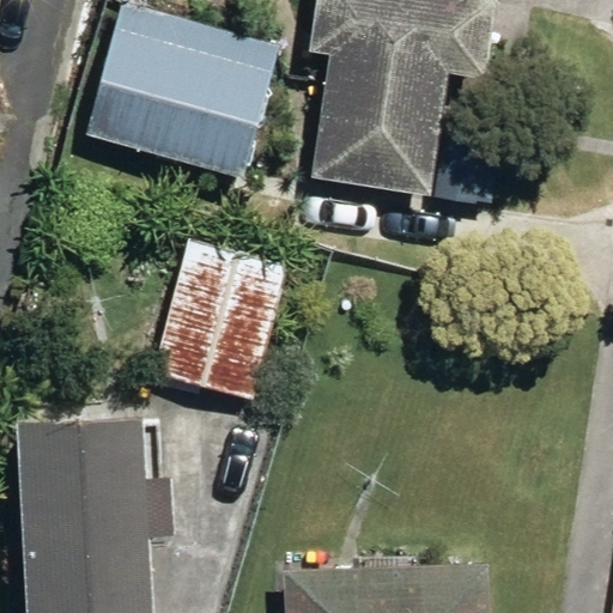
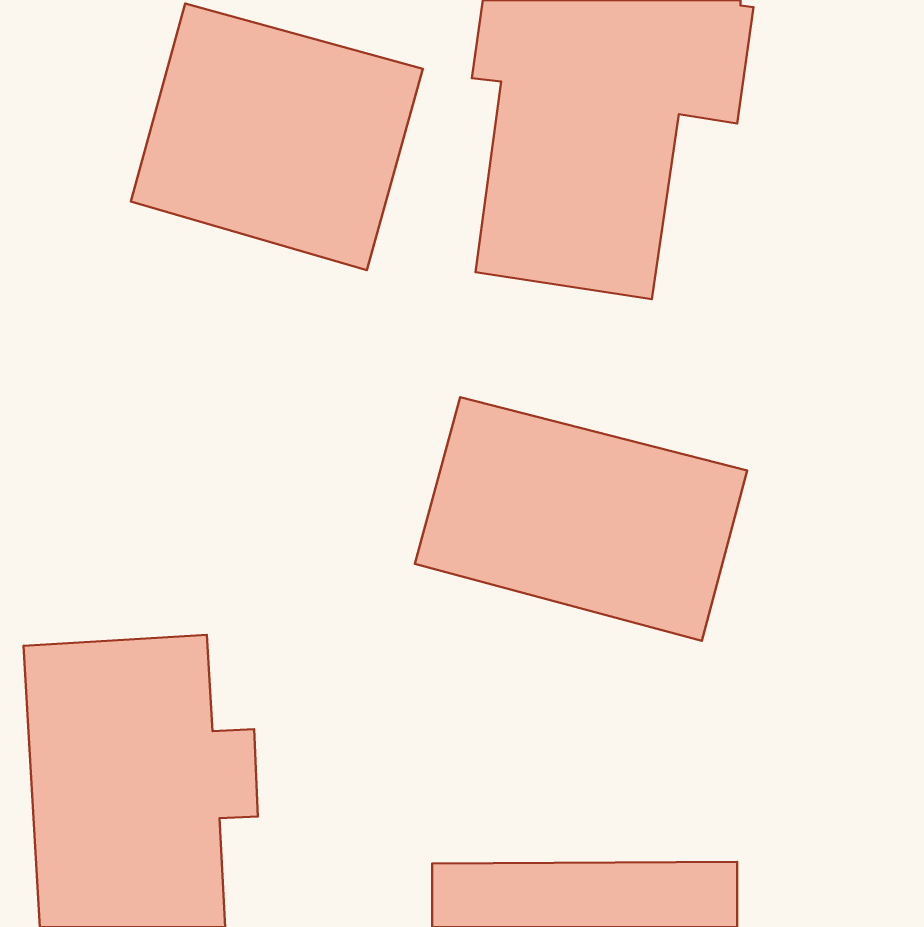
building: [151,237,289,403] -> none
building: none -> [415,397,747,641]

